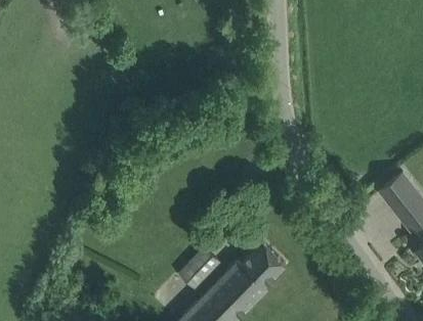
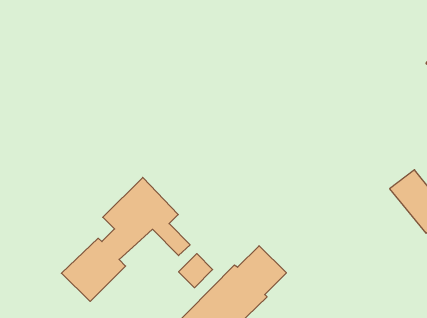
building: none -> [61,177,190,301]

